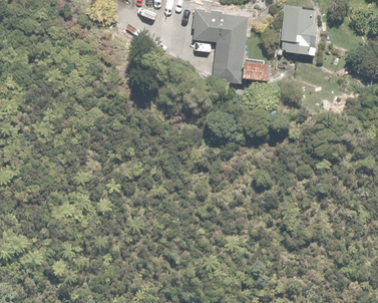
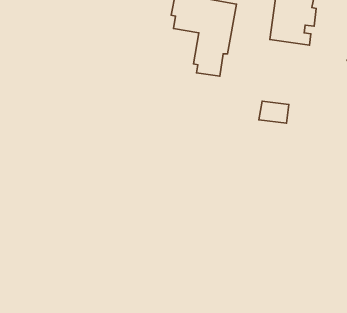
building: [244,61,271,81] -> [259,101,289,123]

